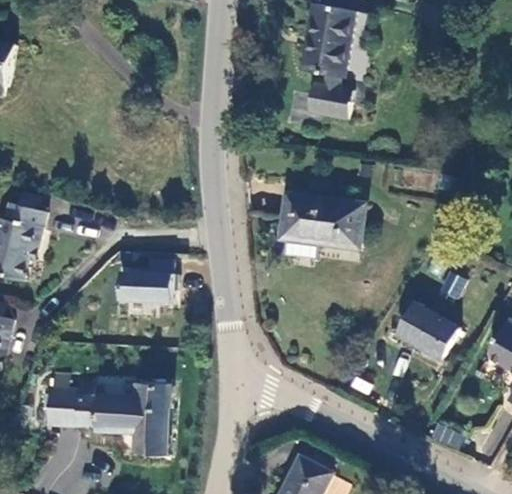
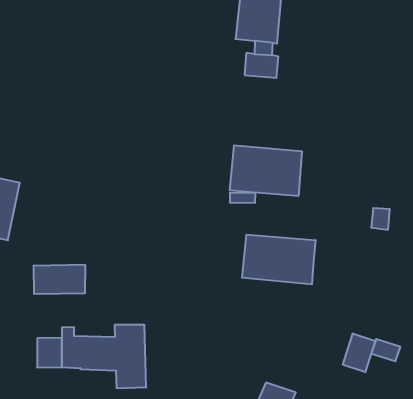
building: [106,267,167,303] -> [33,265,85,294]
building: none -> [242,235,316,284]
building: [408,306,465,357] -> none
building: none -> [343,333,375,372]

